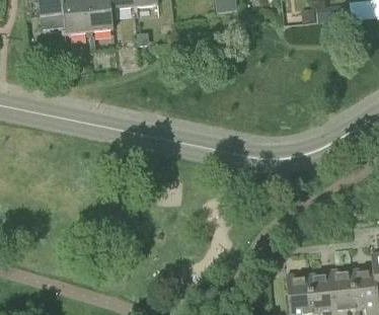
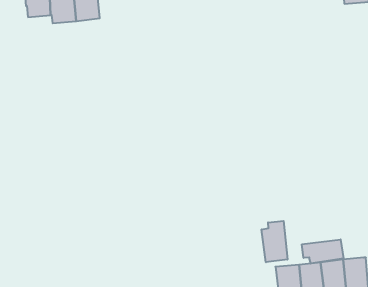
building: none -> [262,221,287,262]
building: none -> [302,239,344,264]

